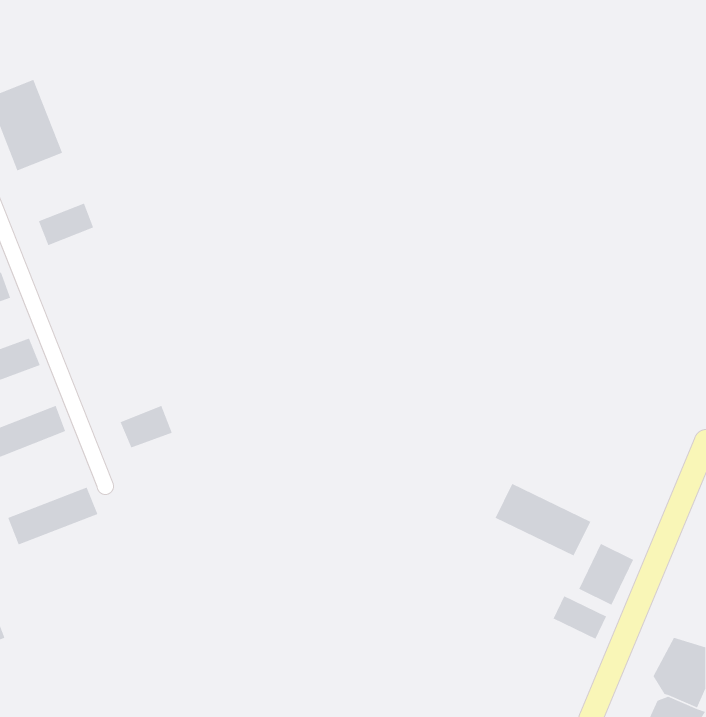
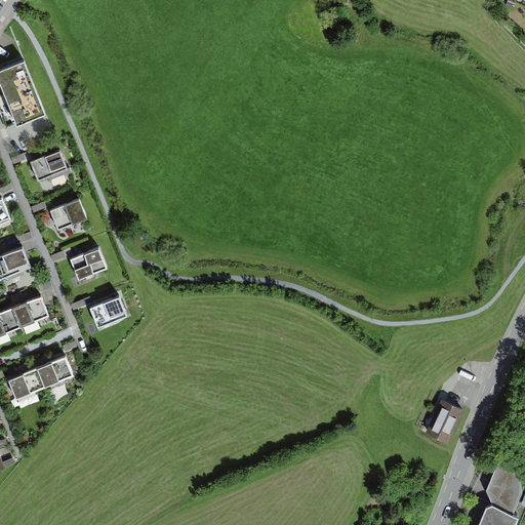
building: none -> [47,199,88,230]
building: none -> [69,247,108,281]
building: [494,483,591,557] -> none
building: [552,595,607,640] -> none

